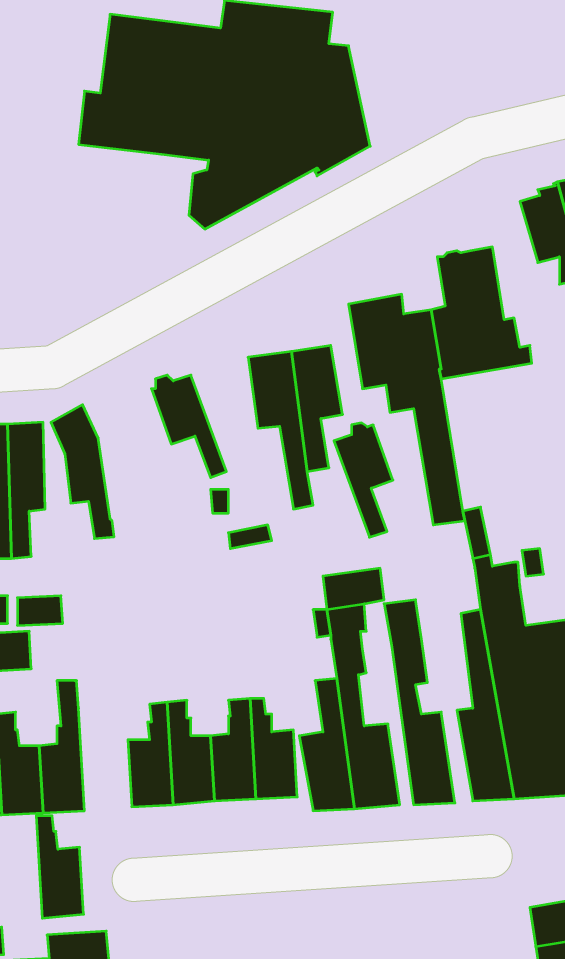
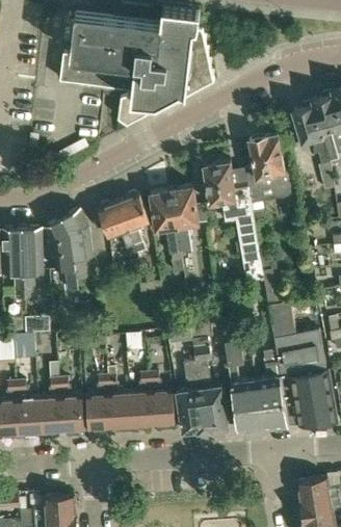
building: none -> [61,209,91,280]
building: [334,423,393,537] -> [119,193,150,254]
building: [36,816,84,918] -> [59,378,84,432]

